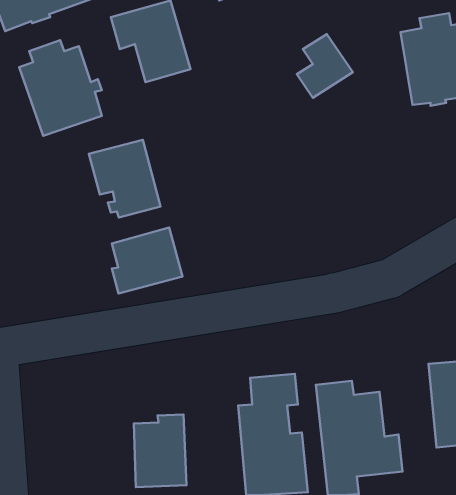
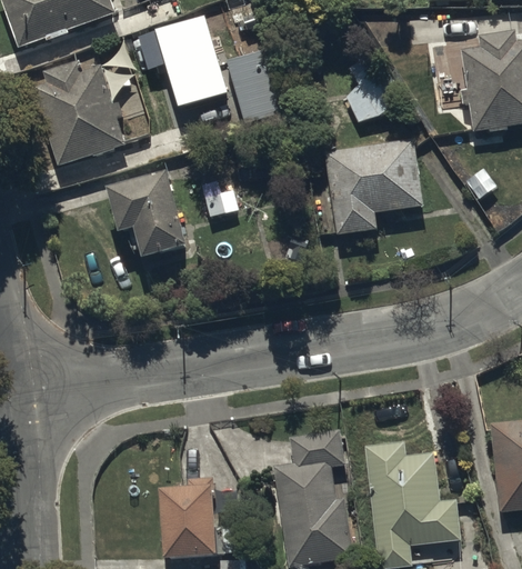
building: none -> [225,46,289,124]
building: none -> [325,141,423,236]
building: [112,228,182,294] -> none

